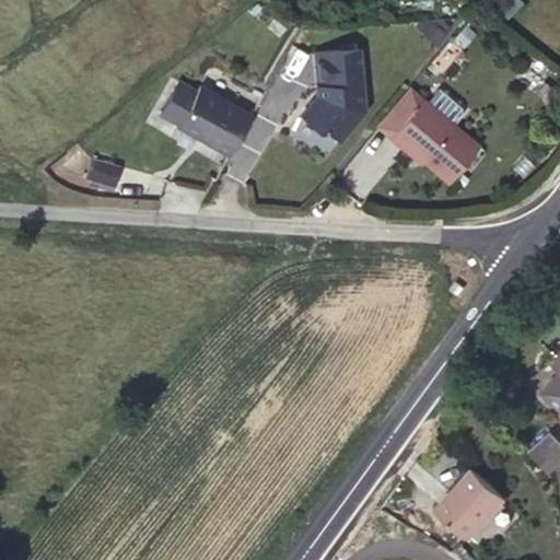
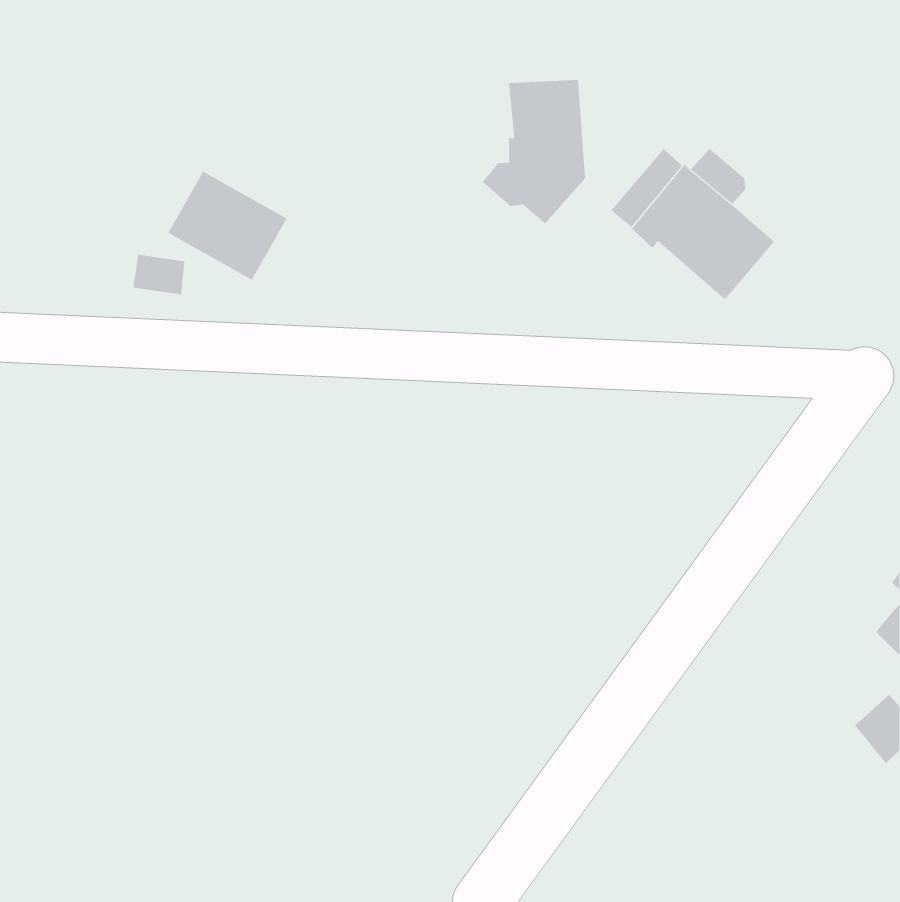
building: [176,86,250,154] -> [167,171,287,280]
building: [435,470,504,540] -> none

